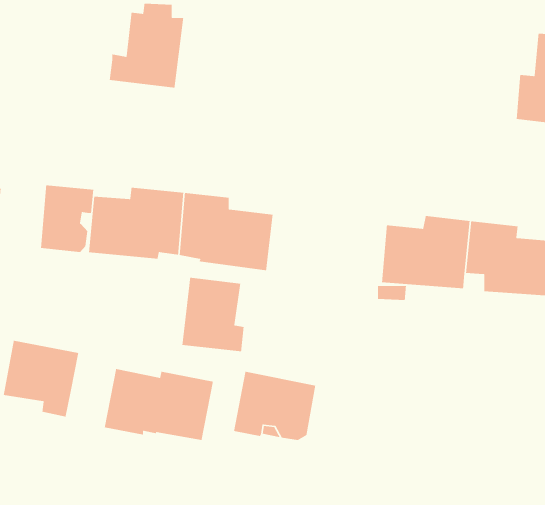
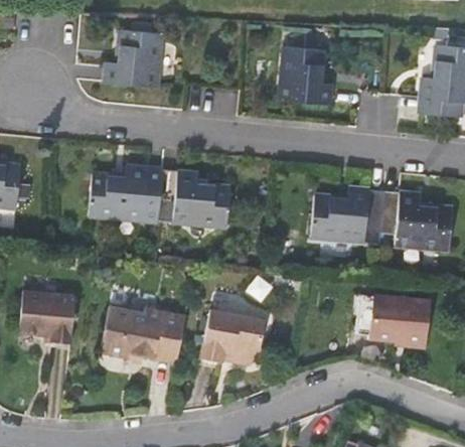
building: none -> [279,46,331,105]
building: [40,185,94,253] -> none
building: [182,277,245,352] -> none
building: none -> [355,294,430,344]

